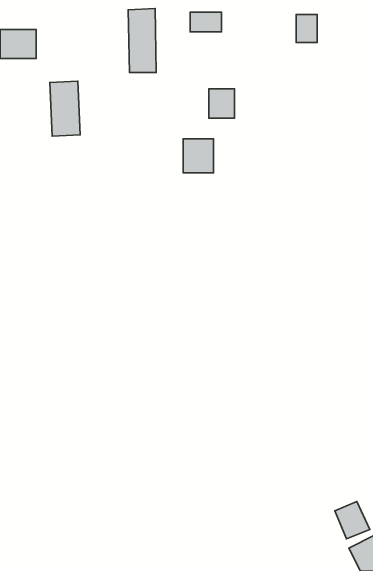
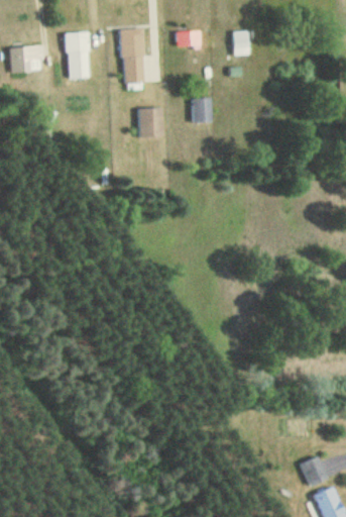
building: [296,14,317,42] -> [232,30,250,55]
building: [50,81,80,136] -> [65,31,91,79]
building: [183,139,214,173] -> [137,108,163,137]

